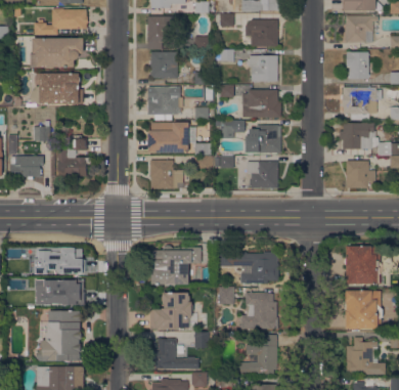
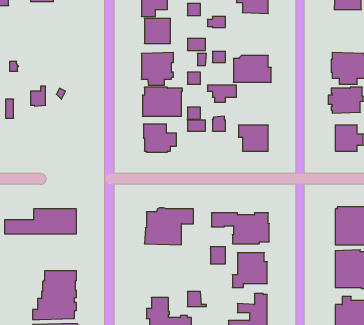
building: [33,38,84,68] -> none
building: [346,52,368,80] -> none
building: [249,56,277,82] -> none
building: [31,74,83,105] -> none
building: [245,125,280,154] -> none
building: [57,136,91,177] -> none
building: [10,157,43,180] -> none
building: [43,286,84,307] -> none
building: [149,293,191,330] -> none

